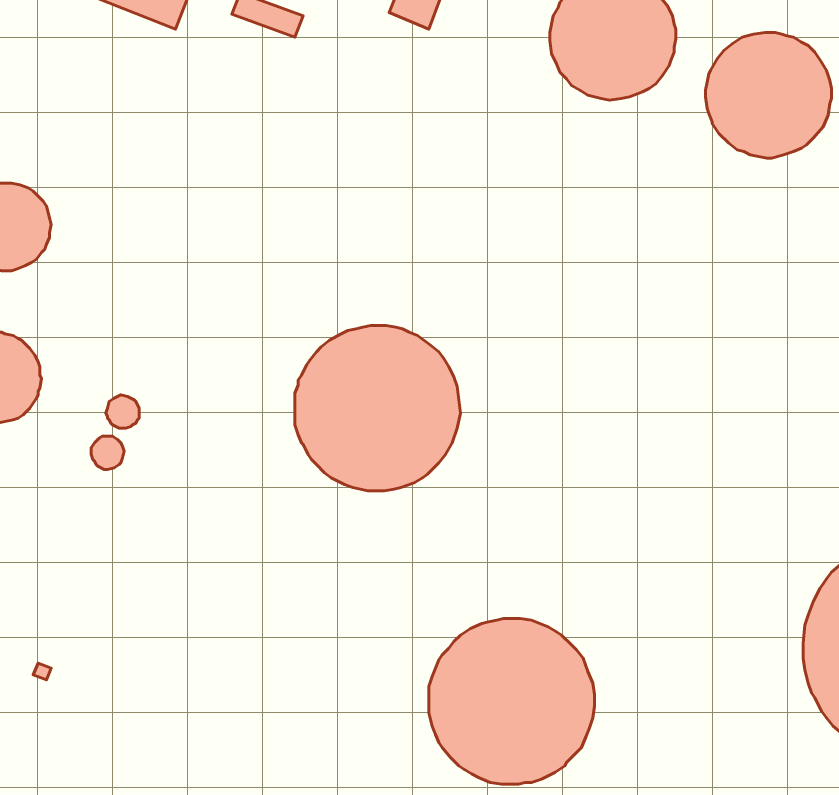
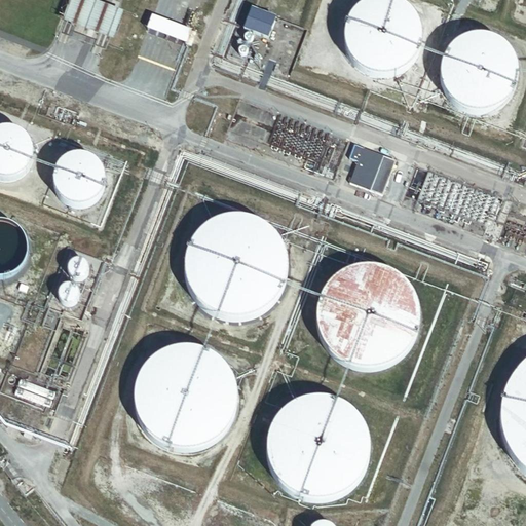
building: none -> [350,144,396,190]
building: none -> [51,151,106,205]
building: none -> [316,262,420,366]
building: none -> [136,345,238,448]

